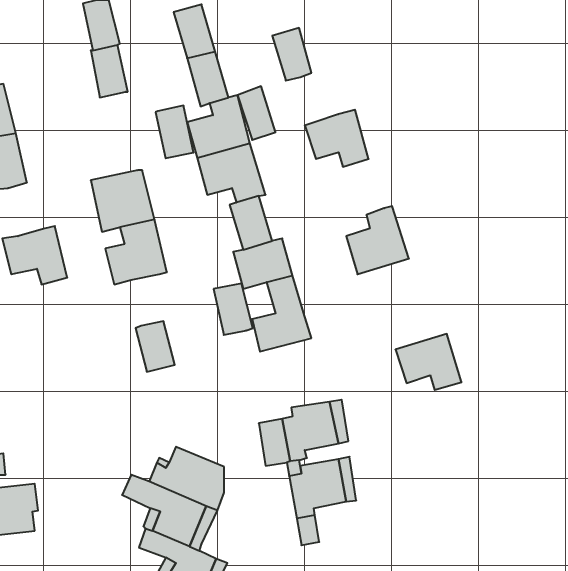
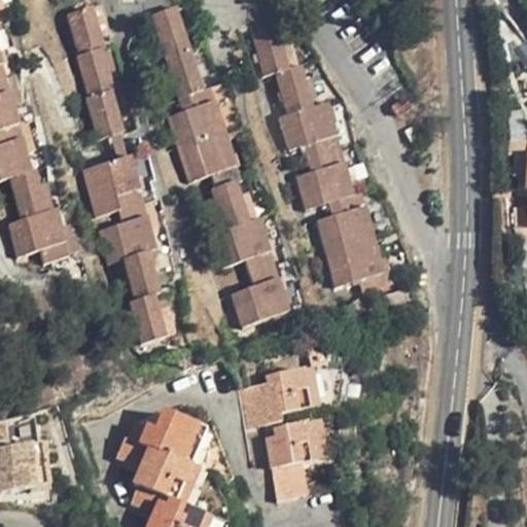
building: [238,86,276,140] -> [276,64,311,113]
building: [156,106,194,158] -> [90,85,125,134]
building: none -> [298,147,353,206]
building: none -> [7,167,41,218]
building: [214,283,253,335] -> [120,253,156,301]
building: [395,334,462,390] -> [328,239,389,290]

